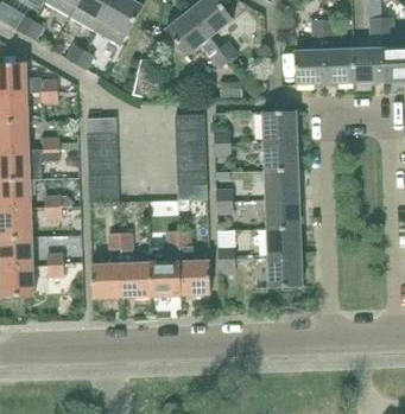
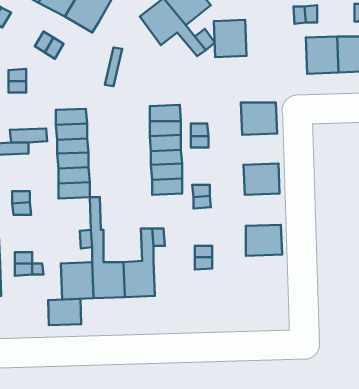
building: [295,49,325,84] -> [214,20,246,57]
building: [264,140,298,170] -> none
building: [266,197,300,228] -> none
building: [267,255,303,286] -> none
building: [179,260,210,294] -> none
building: none -> [48,299,81,325]

